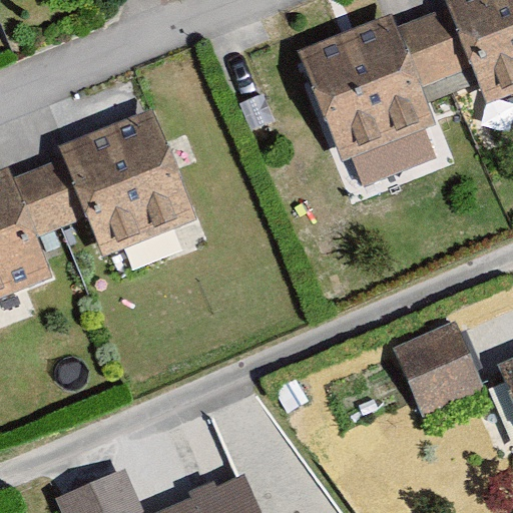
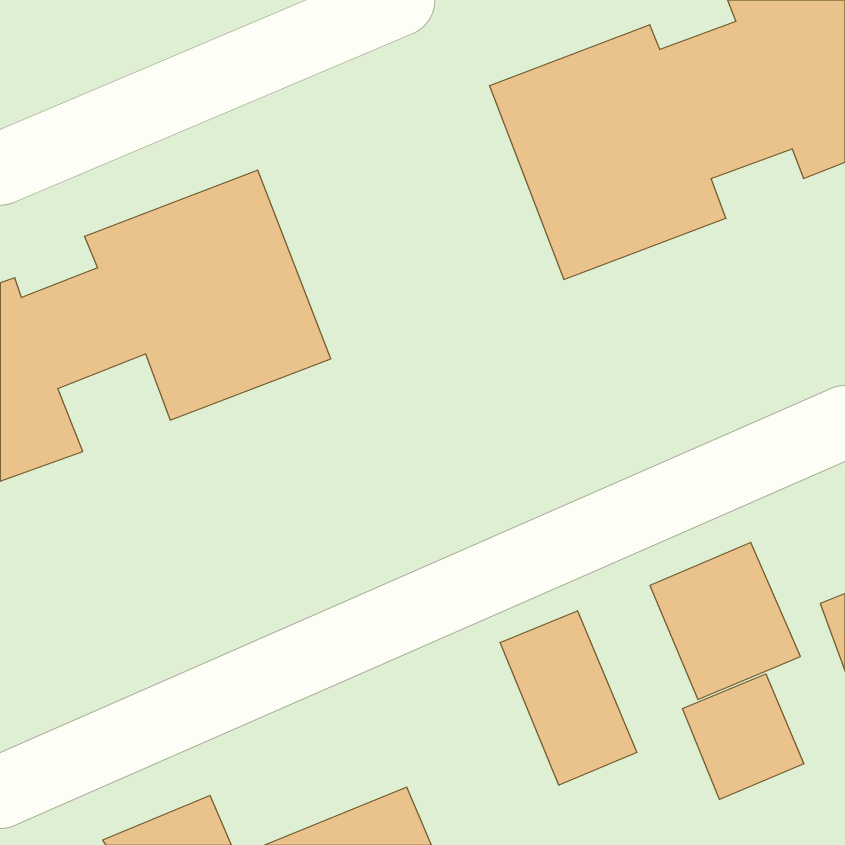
building: none -> [500,611,637,785]
building: none -> [683,674,804,799]

